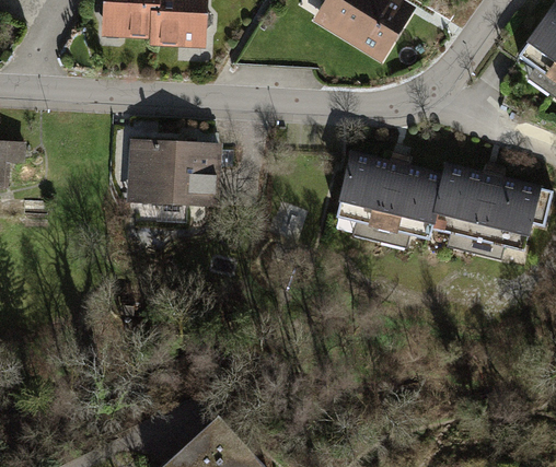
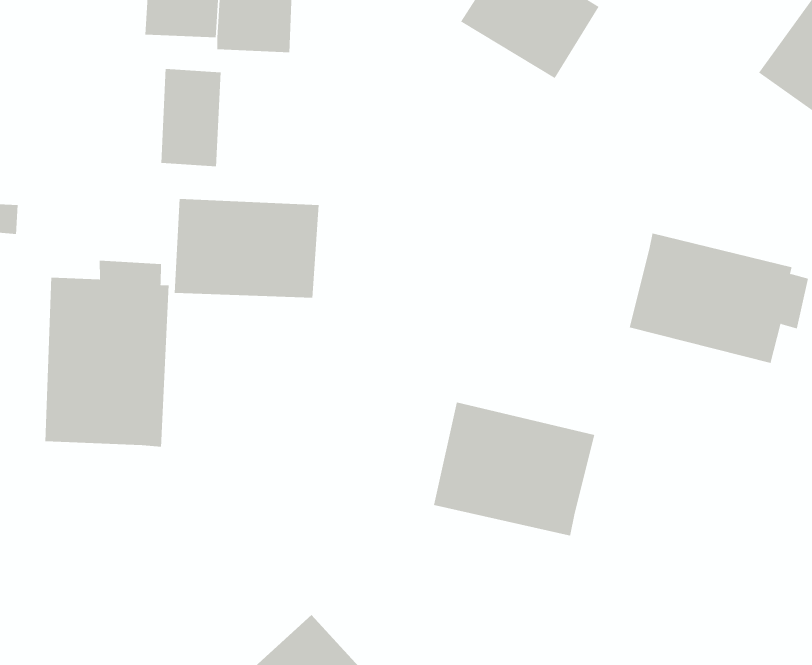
building: none -> [161,68,221,167]
building: [335,151,443,241] -> [433,402,595,536]
building: none -> [45,260,169,448]

